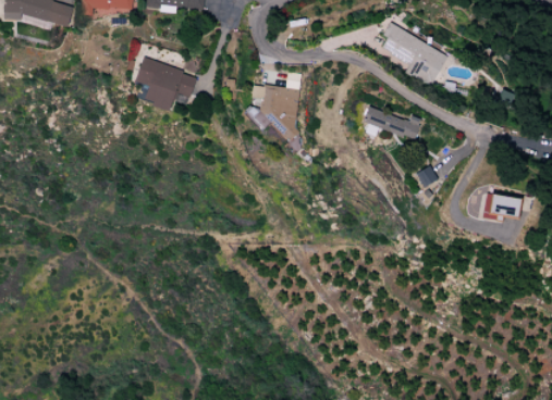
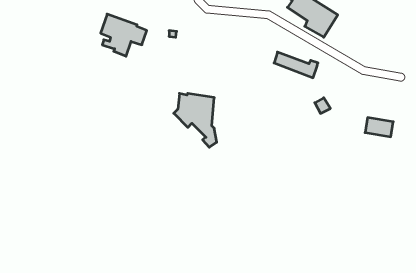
building: [245,85,302,155] -> [174,93,217,147]

